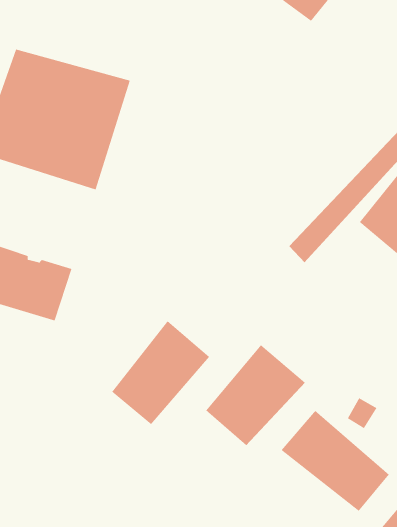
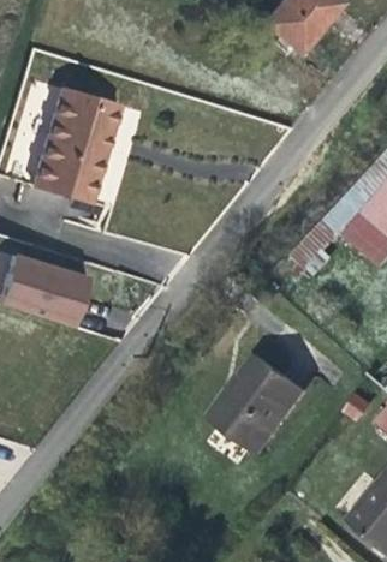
building: [111,320,210,425] -> none
building: [281,410,390,512] -> none

